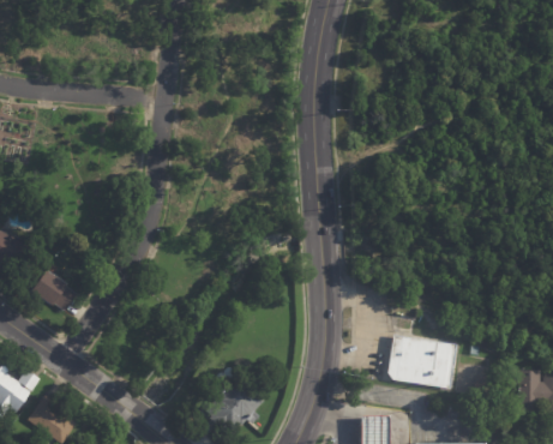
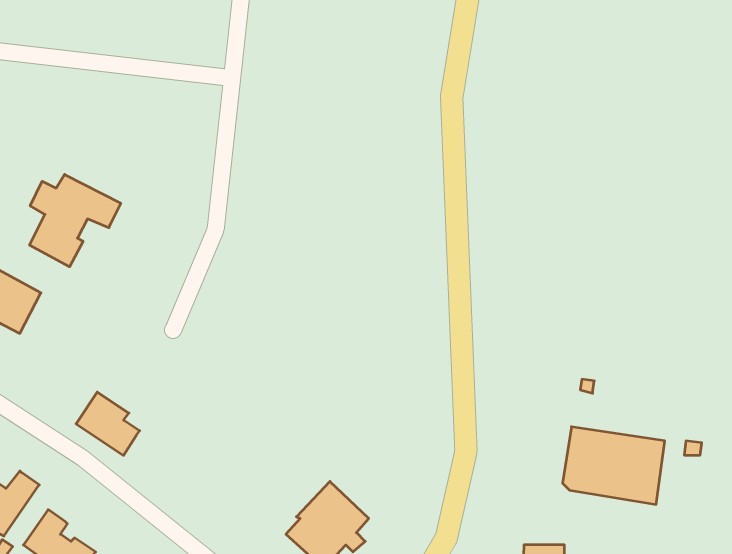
building: none -> [30,174,121,267]
building: [26,265,70,308] -> [76,392,140,455]

